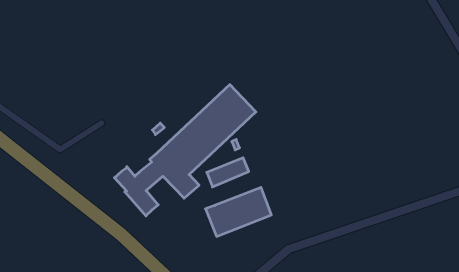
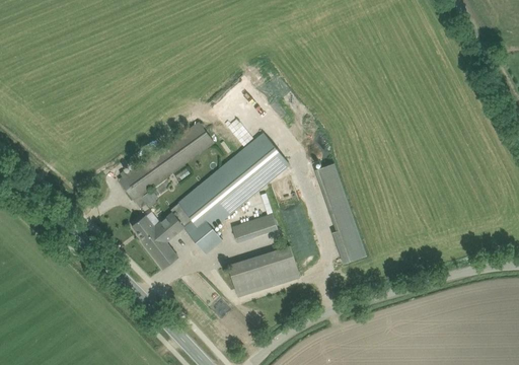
building: none -> [119,121,214,208]
building: none -> [314,163,366,264]

